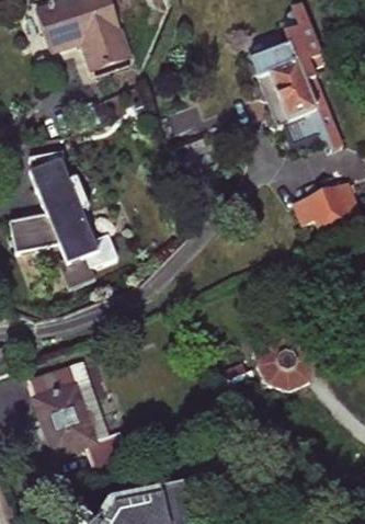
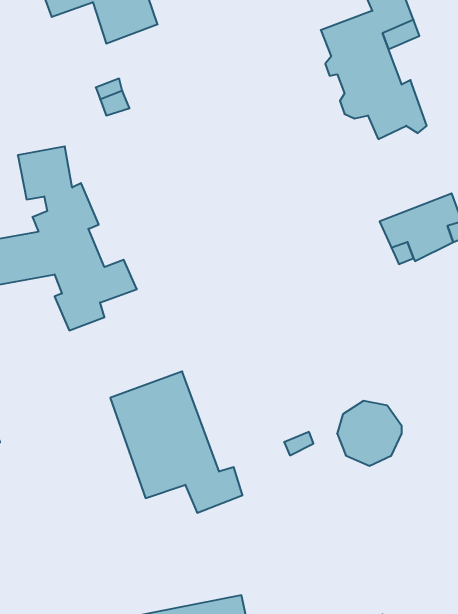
building: [30,360,128,465] -> [110,371,243,513]

